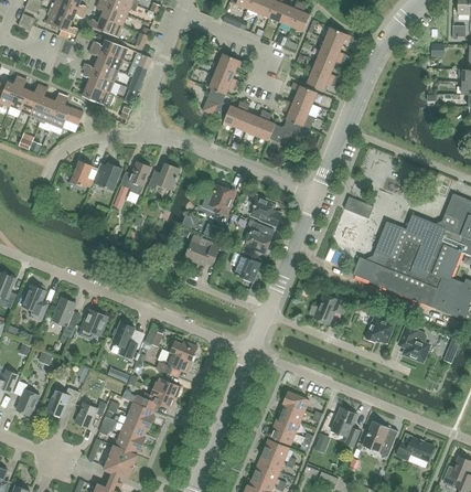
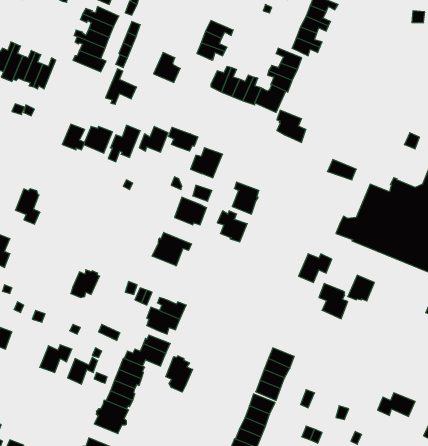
building: [202,88,229,119] -> [154,52,180,82]
building: [51,94,83,130] -> [106,69,137,104]
building: none -> [169,127,198,151]
building: [250,193,280,226] -> [277,110,306,142]
building: none -> [152,232,192,266]
building: [21,284,46,320] -> [15,189,40,224]
building: [52,297,75,339] -> none
building: [111,321,137,357] -> none
building: [399,325,429,362] -> [319,283,348,319]
building: [13,381,39,416] -> none
building: none -> [166,356,193,392]
building: [331,407,358,446] -> none
building: [362,421,397,458] -> none

